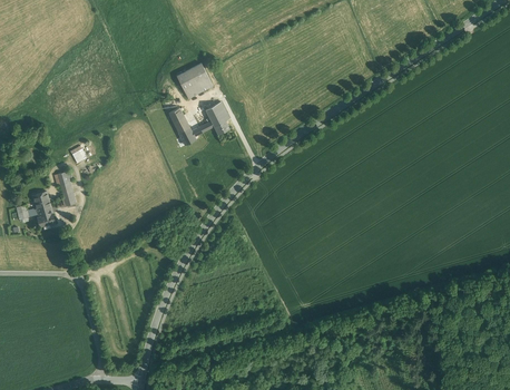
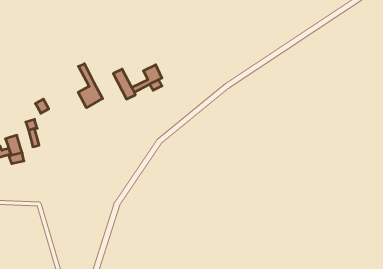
building: [176,62,212,98] -> none
building: none -> [78,64,103,108]

